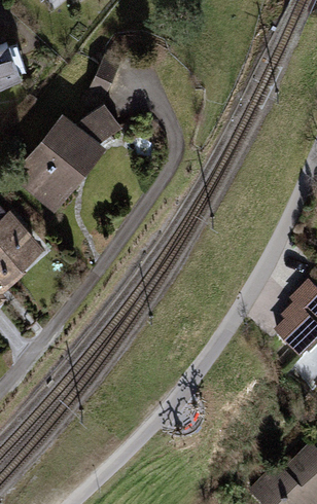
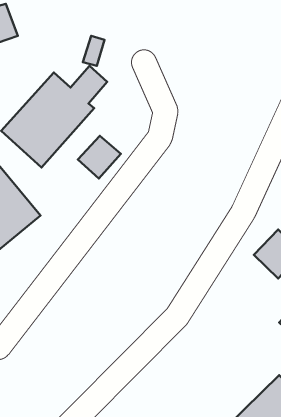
building: none -> [78,136,121,178]

